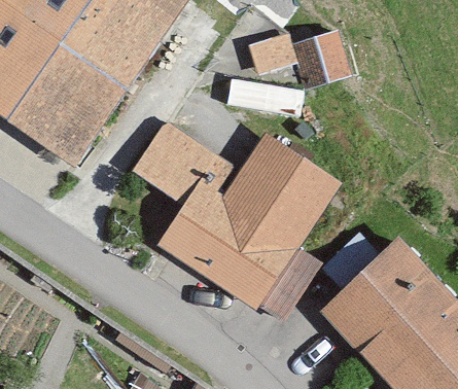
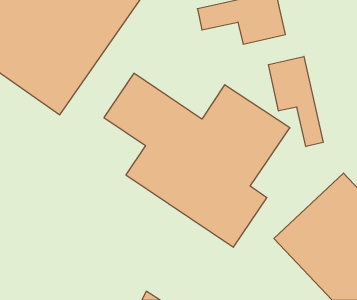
building: none -> [268,56,323,147]

